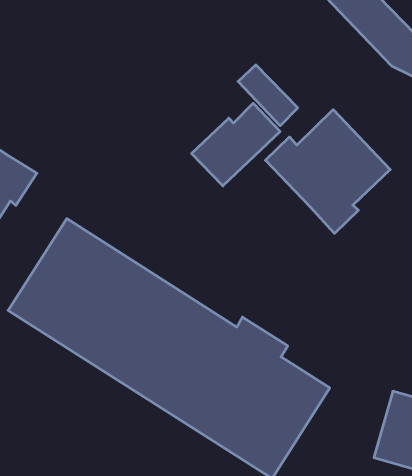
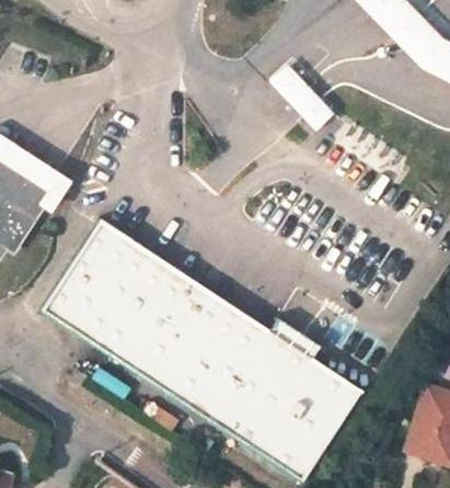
building: [192,103,280,186] -> none
building: [265,110,390,233] -> none

